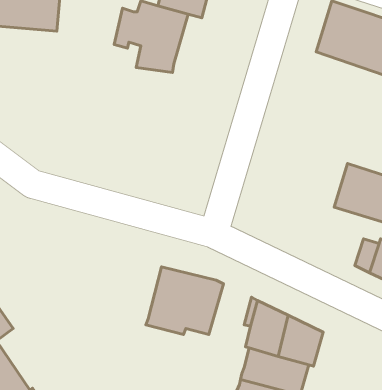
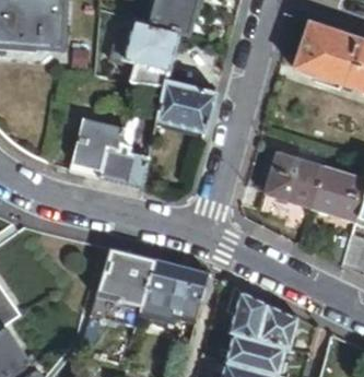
building: none -> [156,78,216,132]
building: none -> [73,118,149,188]
building: none -> [257,153,321,207]
building: none -> [98,250,154,307]

